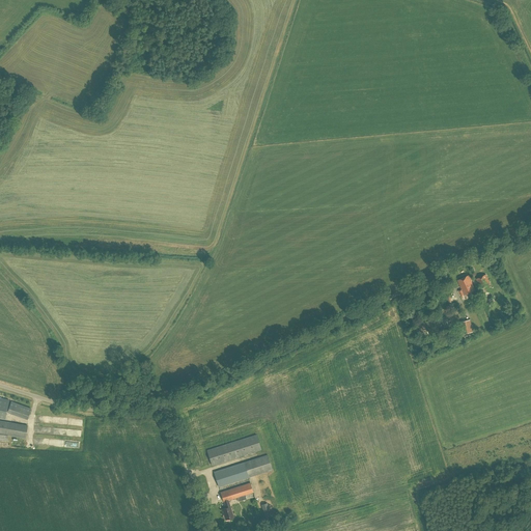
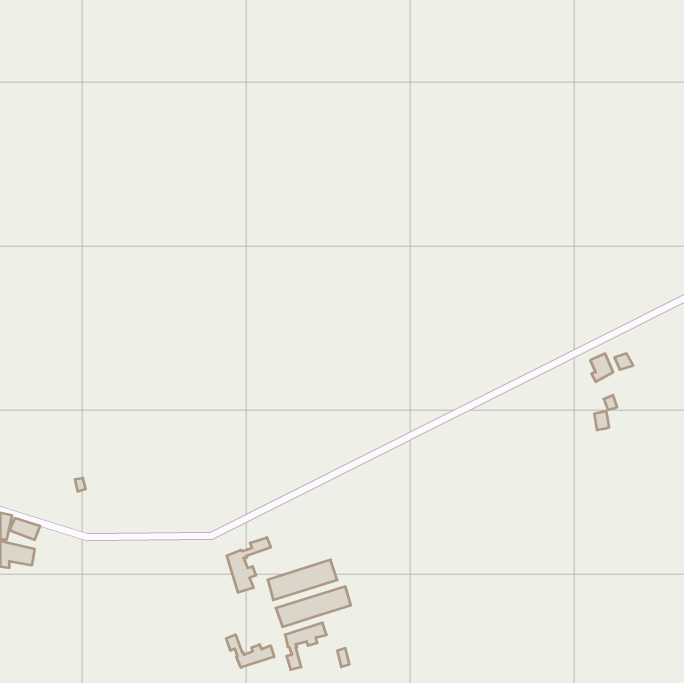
building: none -> [227,537,271,593]
building: none -> [226,635,274,668]

